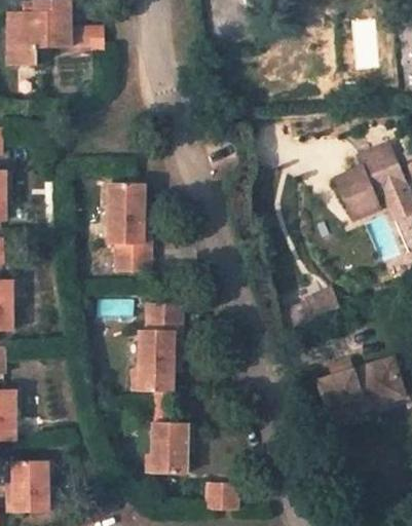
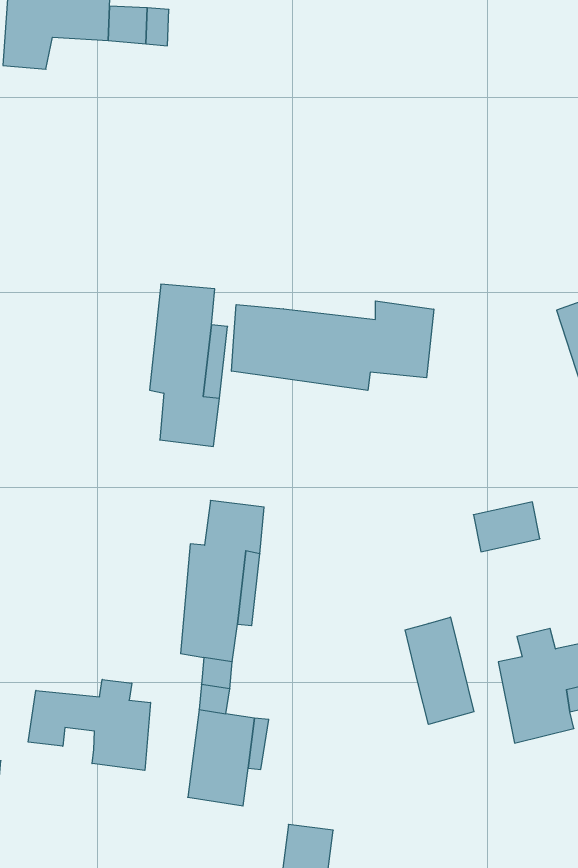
building: none -> [232,301,434,390]
building: none -> [405,617,474,724]
building: none -> [28,679,150,770]

